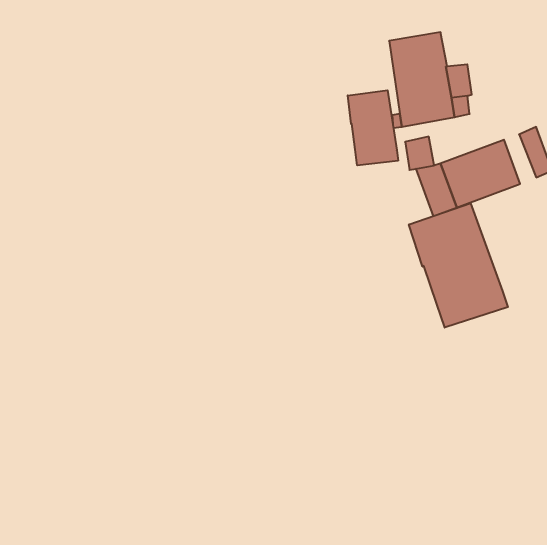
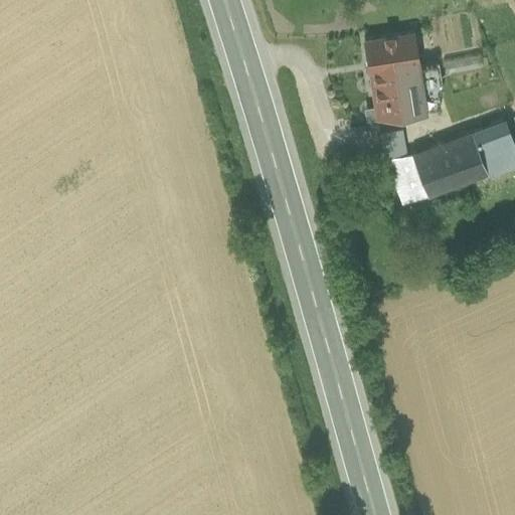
building: [348,90,398,165] -> none
building: none -> [474,130,504,176]
building: [409,203,508,328] -> none

